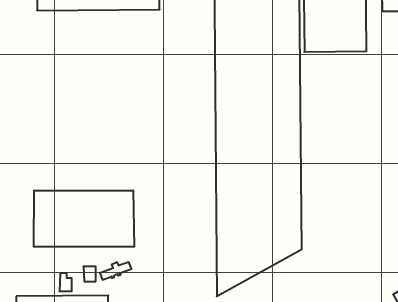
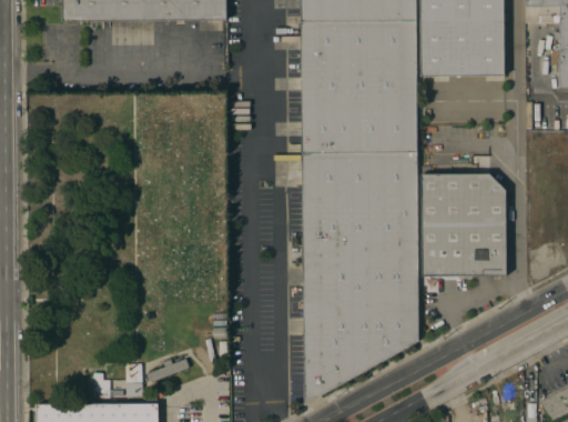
building: none -> [422,173,507,277]
building: [34,190,134,247] -> none

